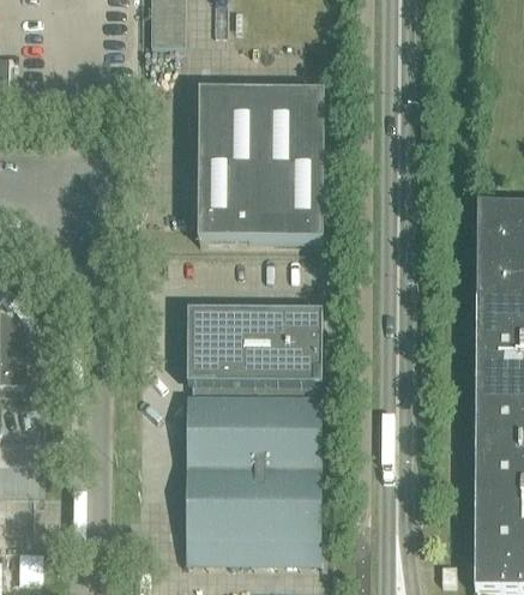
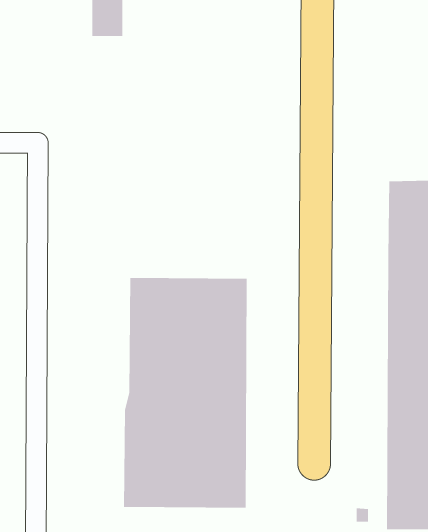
building: [199,92,324,241] -> none

